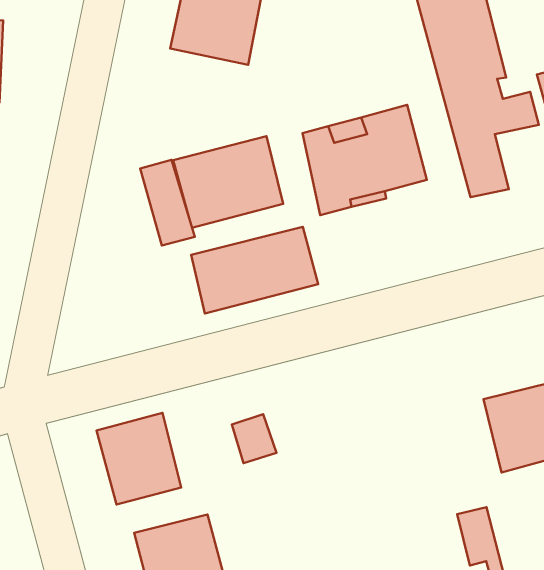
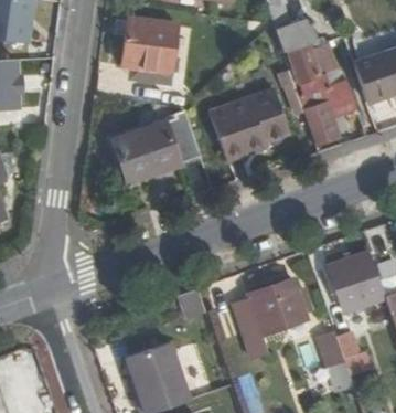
building: [191,227,318,313] -> none
building: [97,413,181,504] -> none
building: none -> [236,280,309,351]

